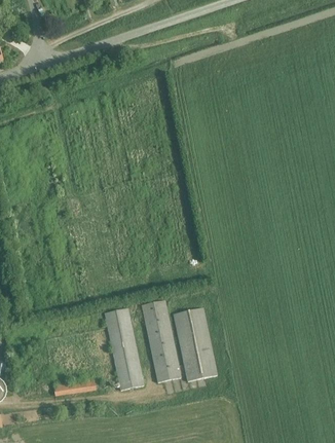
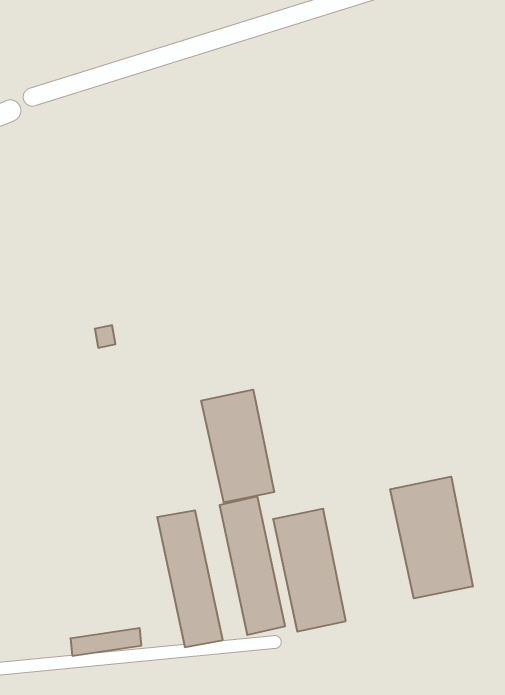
building: none -> [201,390,274,503]
building: none -> [390,477,473,598]

